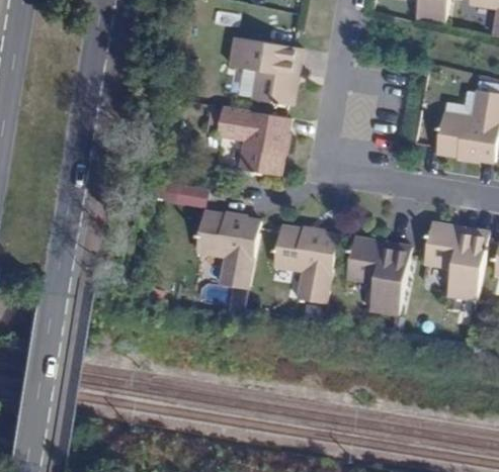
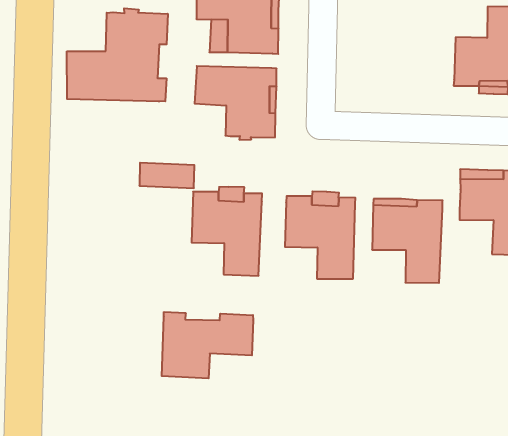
building: none -> [67,8,168,102]
building: none -> [162,312,253,378]

